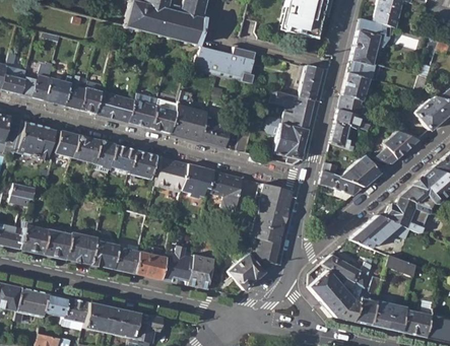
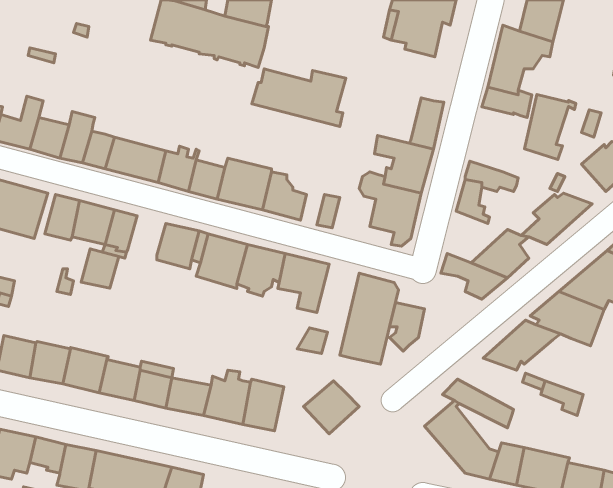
building: [340,72,375,116] -> [525,94,576,160]
building: [111,145,136,171] -> [81,249,119,288]
building: [257,240,280,273] -> [390,303,424,351]

